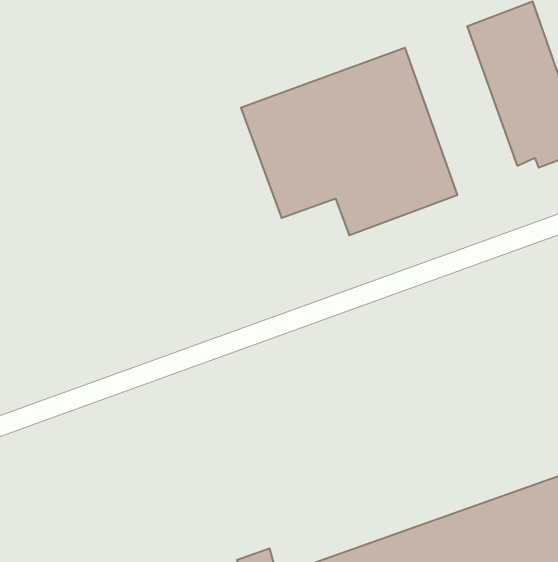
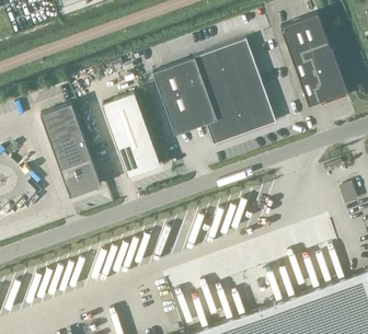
building: none -> [102,93,160,176]
building: none -> [42,103,101,197]

